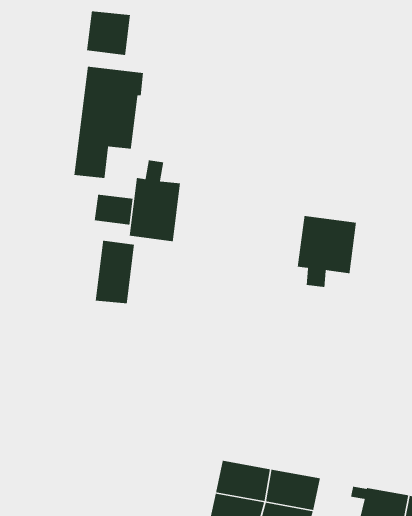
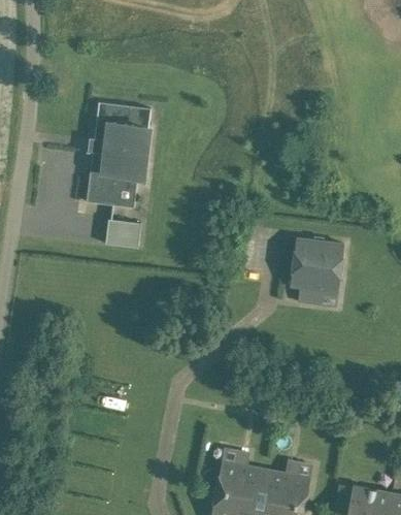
building: [86,10,131,56] -> none
building: [129,160,181,242] -> none
building: [95,240,135,304] -> none

